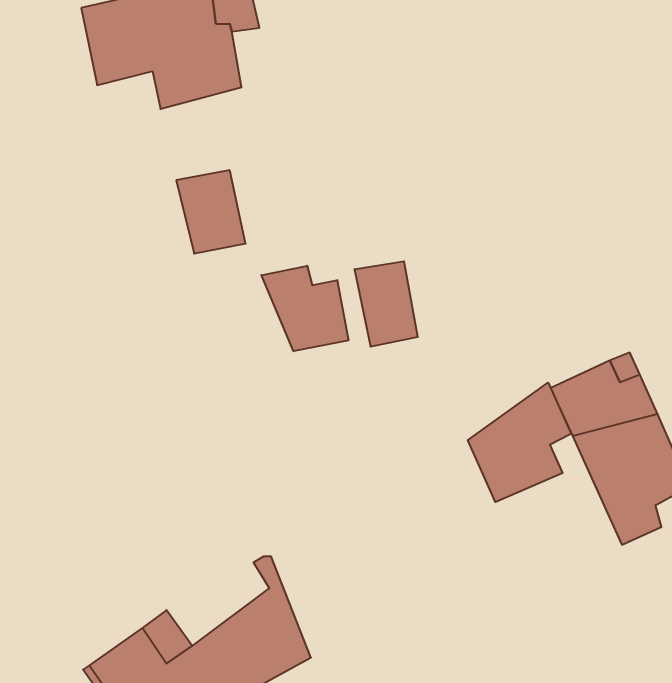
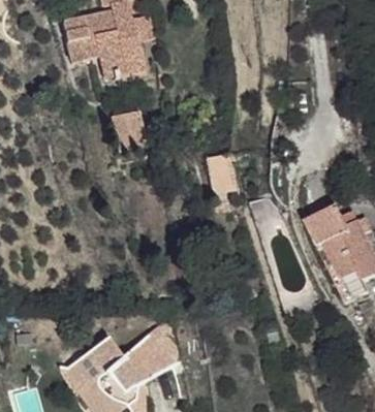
building: [261,266,349,351] -> none
building: [468,383,571,502] -> none

